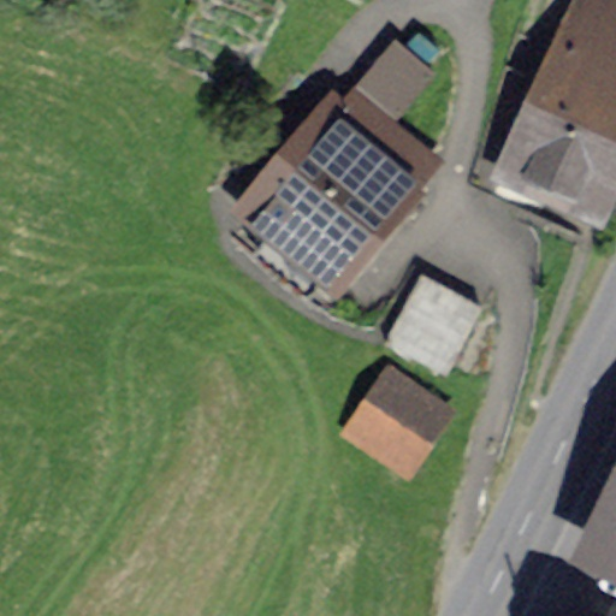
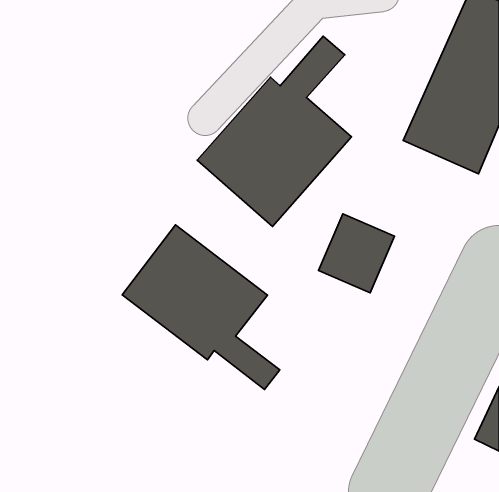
building: none -> [122,225,280,389]
building: [346,367,450,469] -> none

